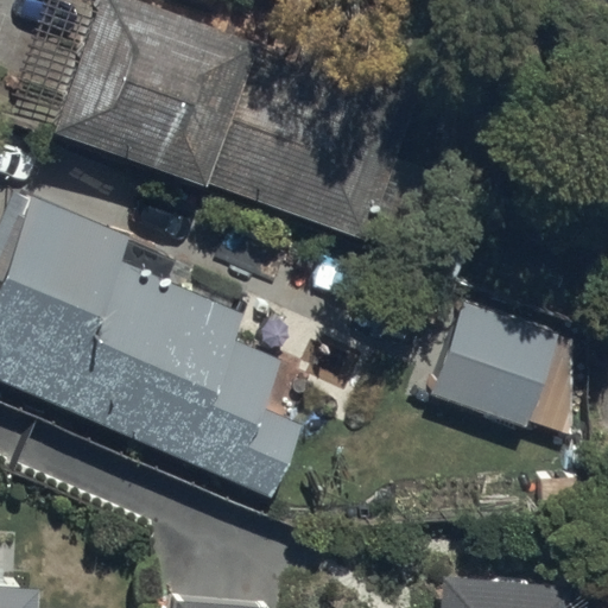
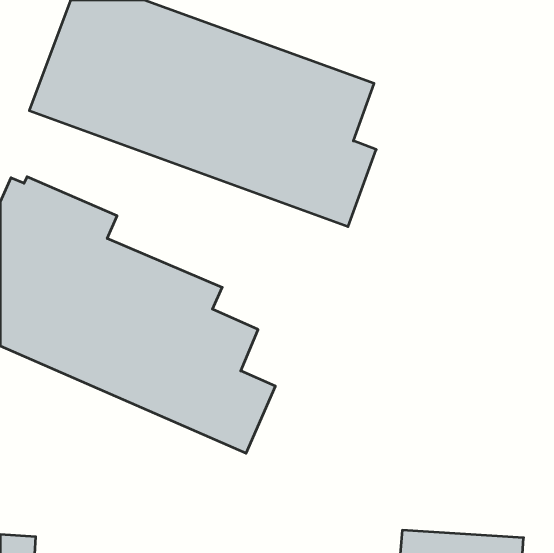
building: [425,298,570,433] -> none

